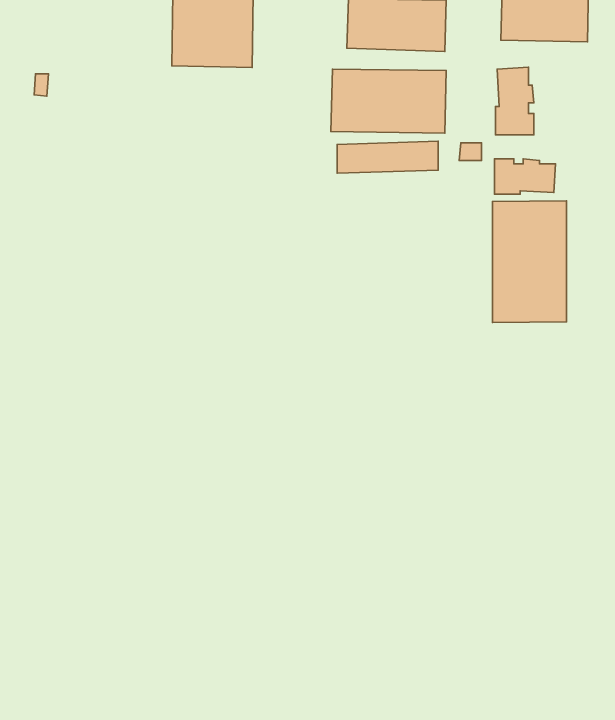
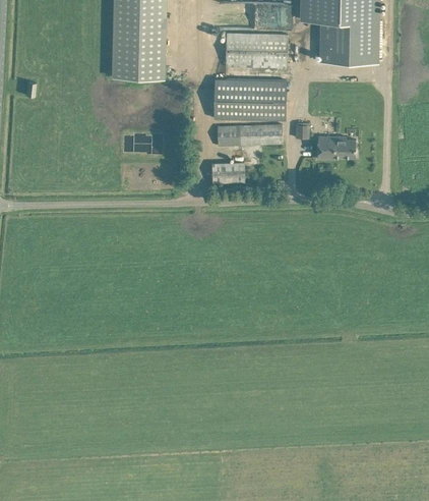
building: [496,67,534,135] -> none
building: none -> [211,161,245,182]
building: [493,201,566,323] -> none

